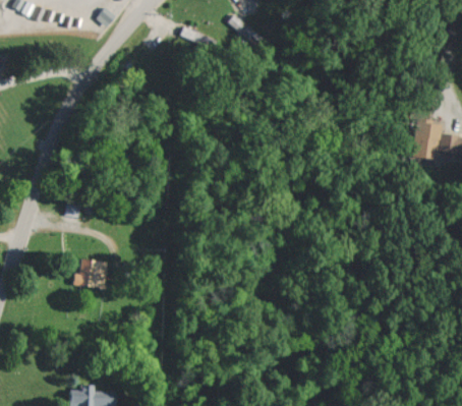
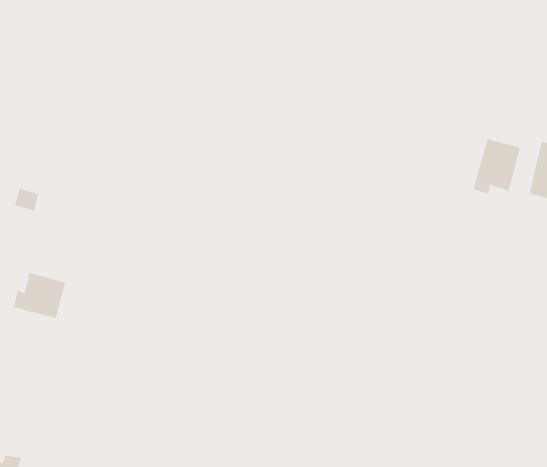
building: none -> [473,138,521,194]

